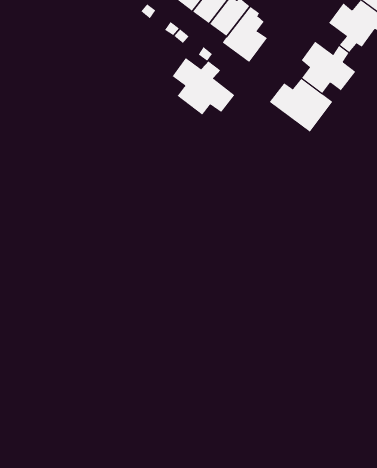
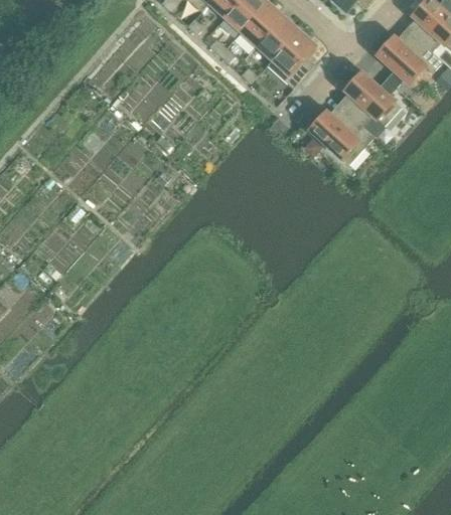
building: [172,57,235,116] -> none

